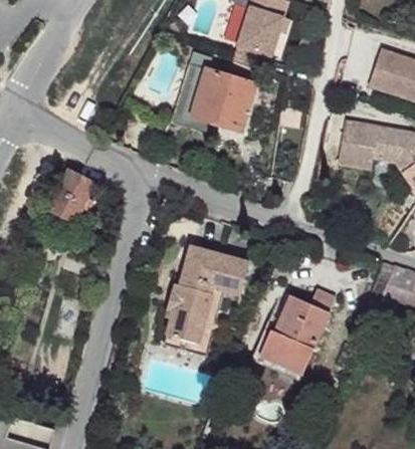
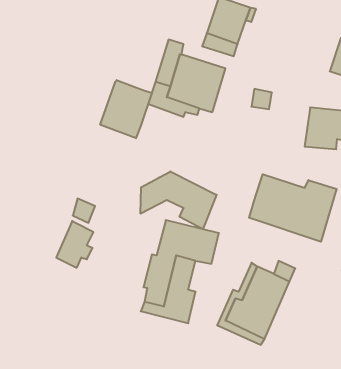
building: none -> [100,80,152,138]
building: [53,170,93,220] -> [56,221,93,268]
building: none -> [141,171,217,229]
building: none -> [249,174,337,242]

